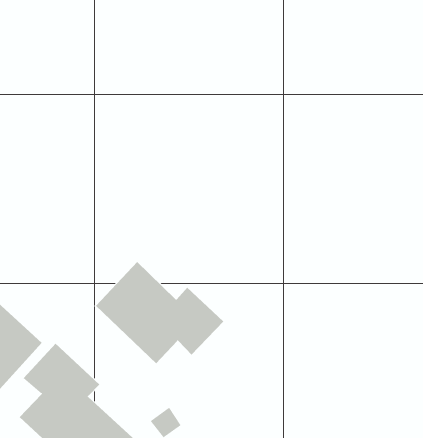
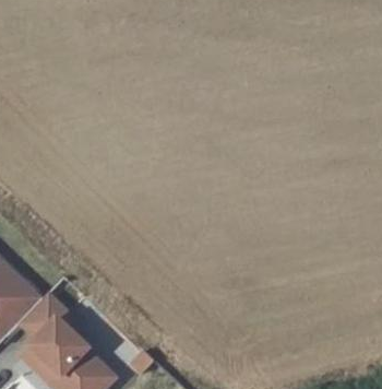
building: [95,261,224,364] -> none

